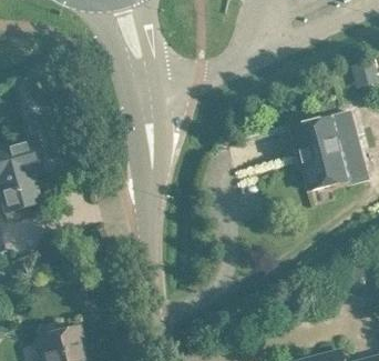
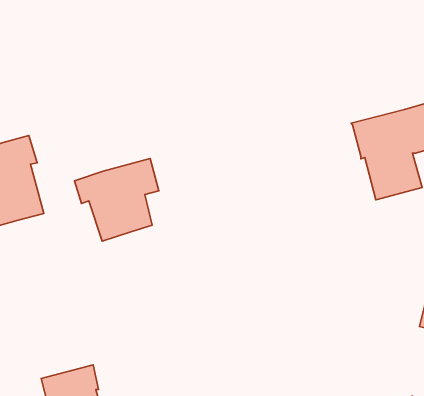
building: none -> [75,158,159,241]

